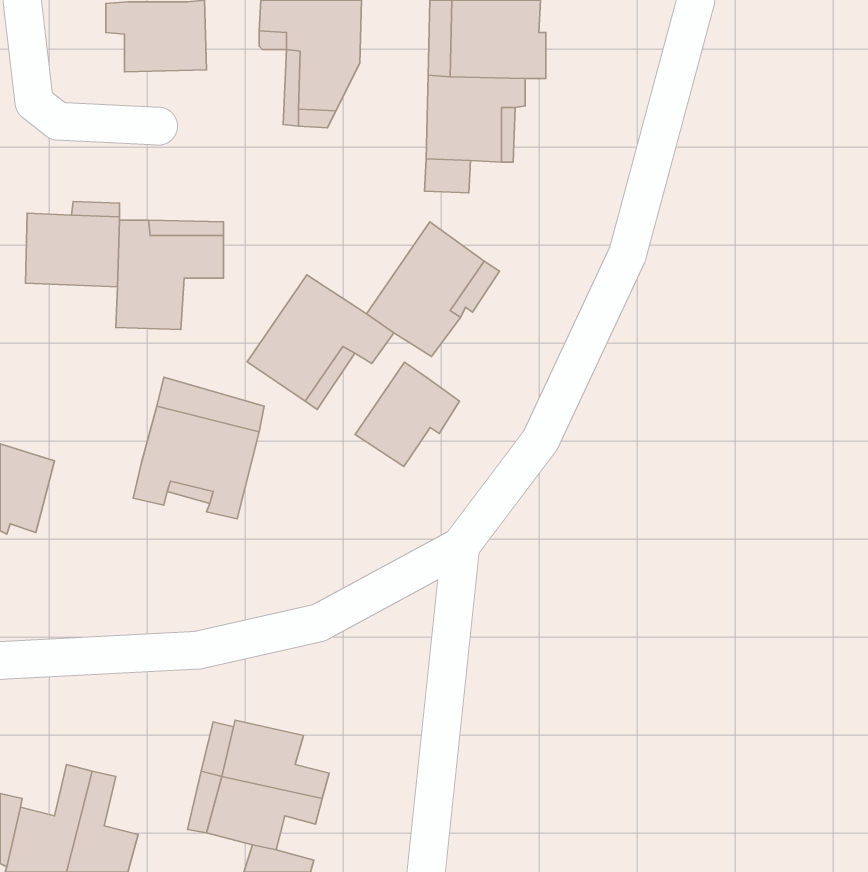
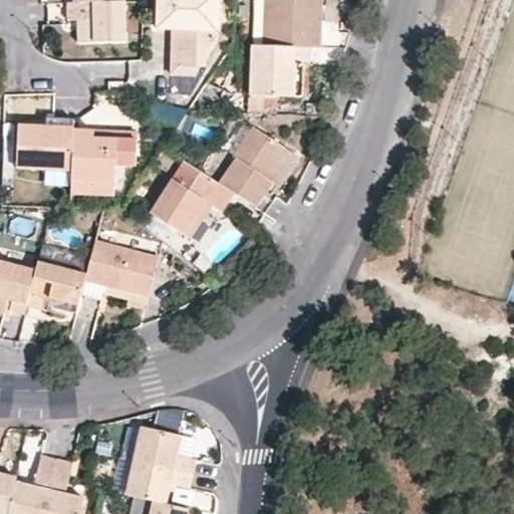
building: [355,362,459,466] -> none
building: none -> [26,259,85,311]

